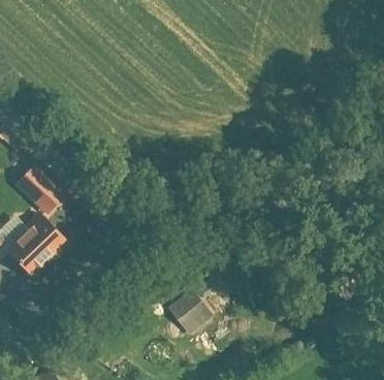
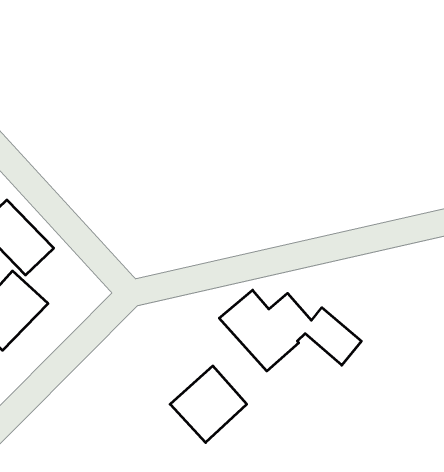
building: none -> [219,290,361,371]

